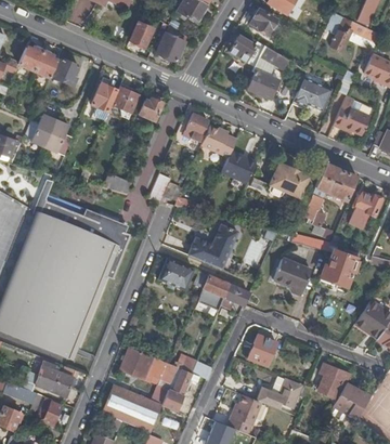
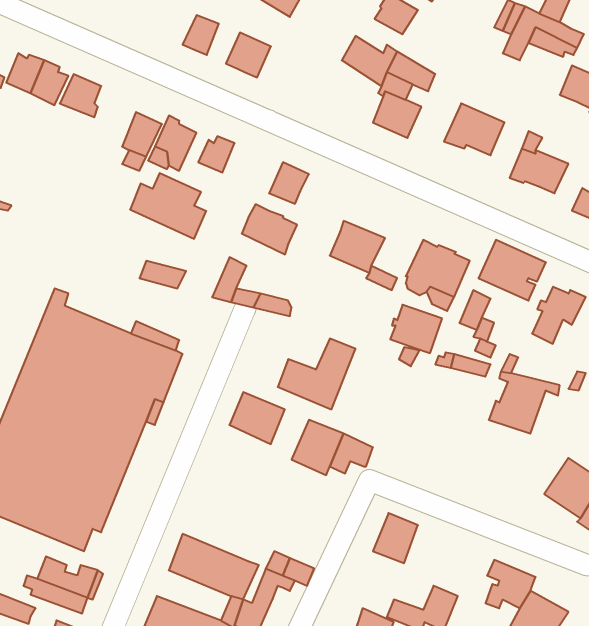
building: [24,114,72,155] -> [130,173,206,239]
building: [200,126,235,157] -> [242,204,297,254]
building: [277,259,310,289] -> [390,305,442,353]

